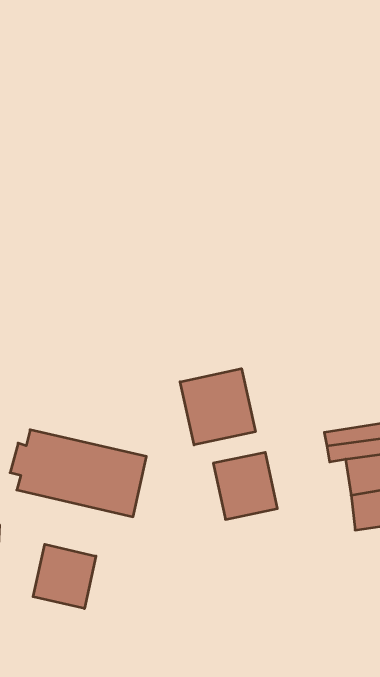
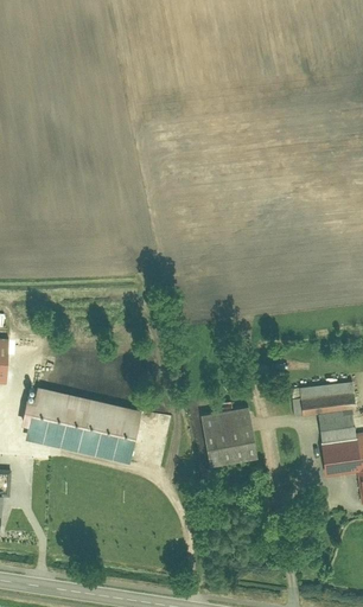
building: [180,369,255,445] -> none
building: [33,544,96,609] -> none

